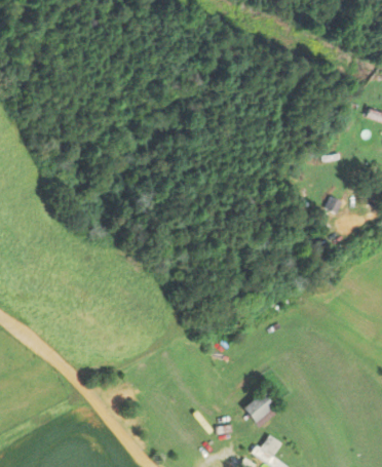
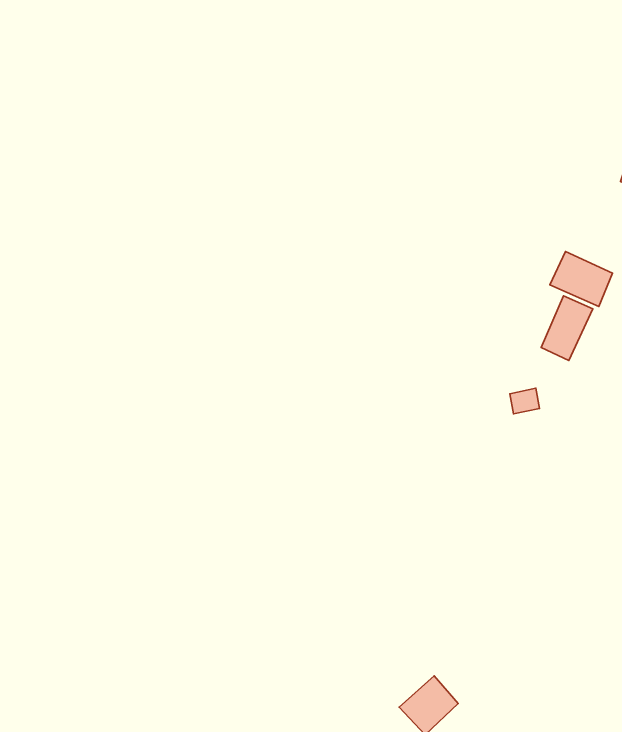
building: none -> [550,251,613,306]

